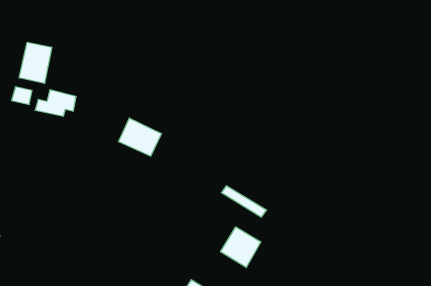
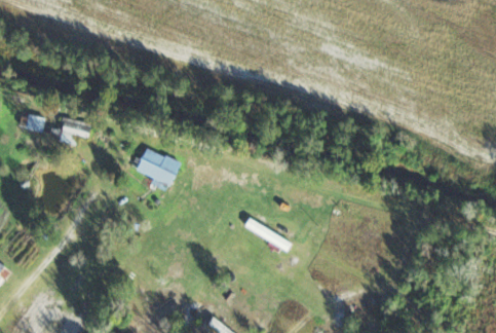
building: [19,42,52,84] -> none
building: [221,227,261,268] -> none

